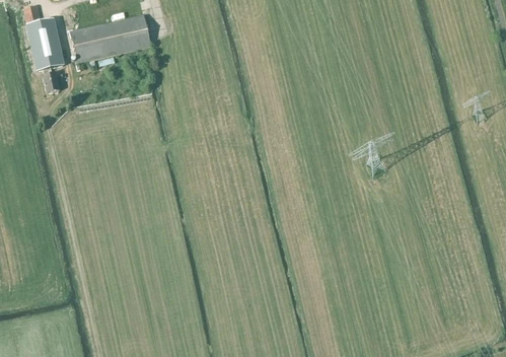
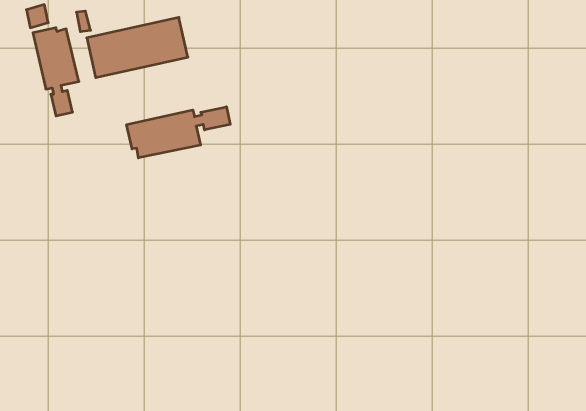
building: none -> [127,107,230,158]

